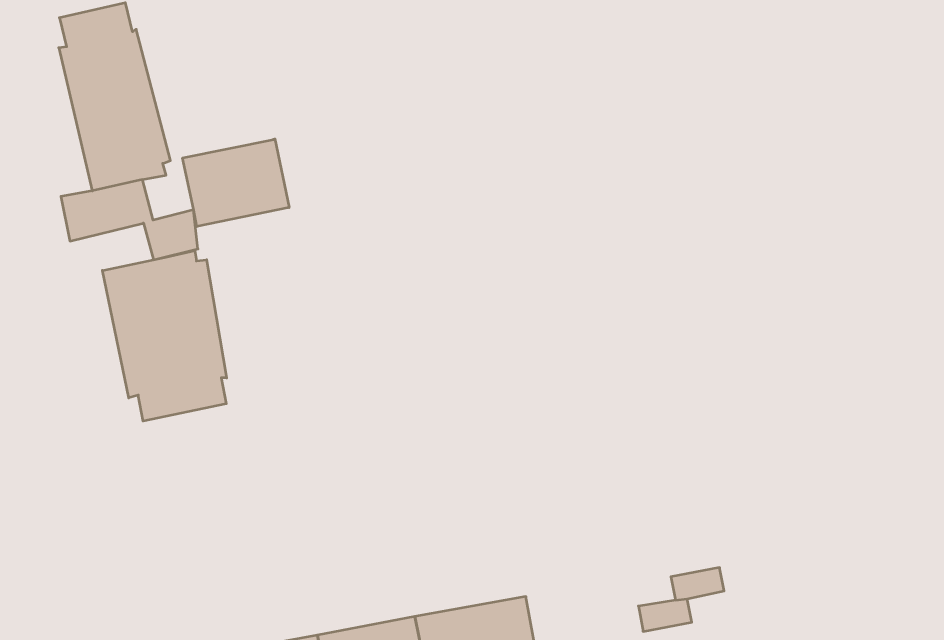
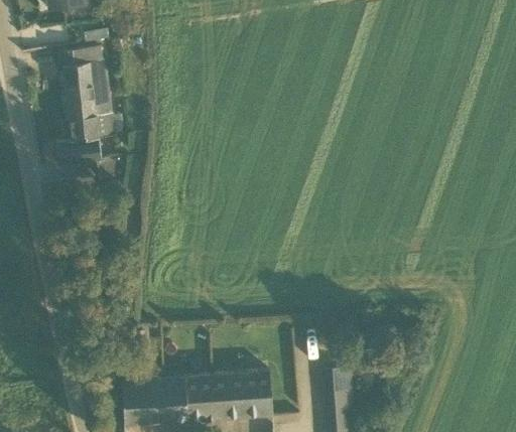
building: [183,139,289,227] -> none
building: [102,250,227,421] -> none

